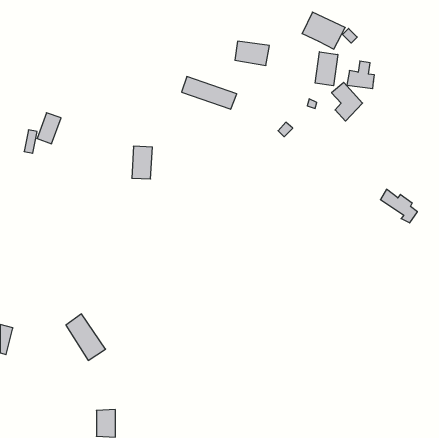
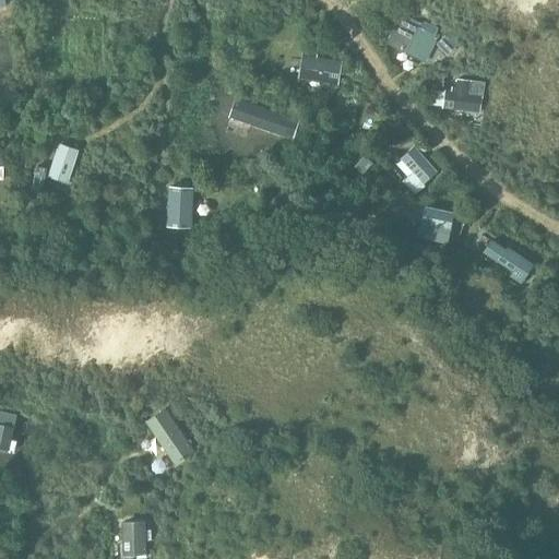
building: [315,52,338,86] -> none
building: [332,82,363,121] -> [399,146,438,195]
building: none -> [417,206,453,243]
building: [66,314,106,360] -> [145,407,195,466]

